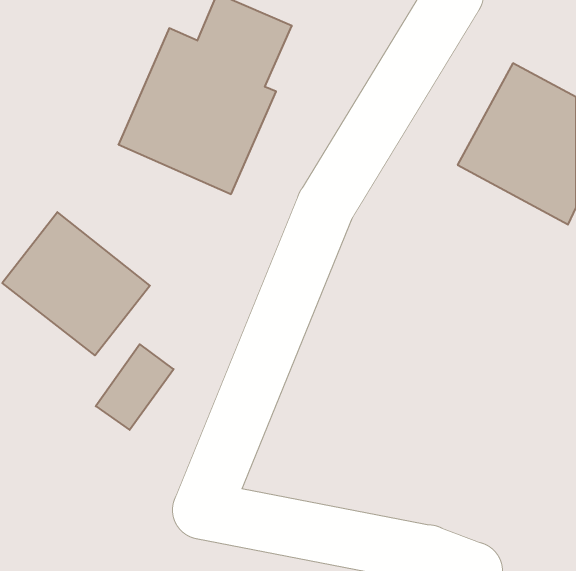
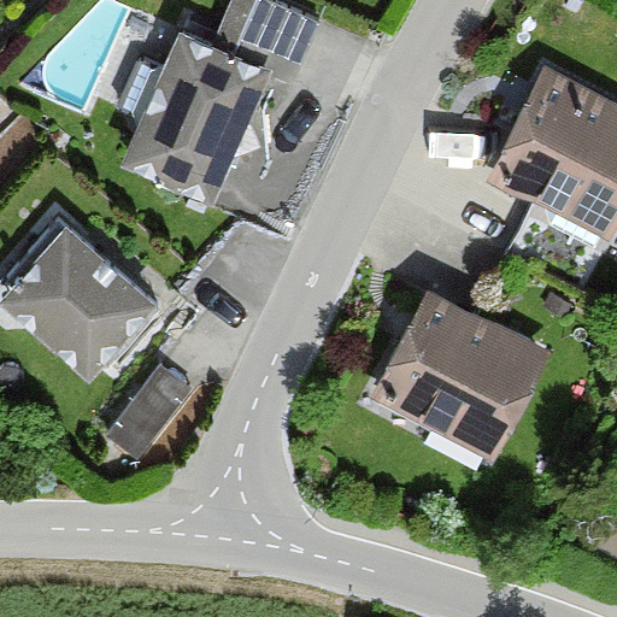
building: none -> [370,288,546,462]

